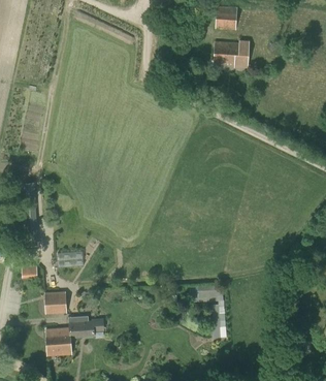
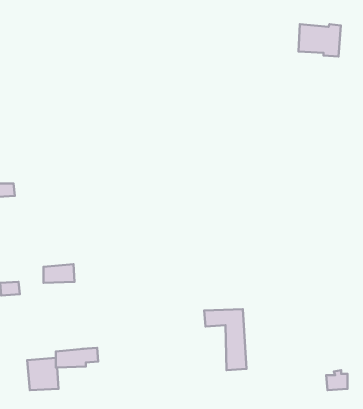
building: [214,40,249,67] -> [299,24,341,57]
building: [44,291,66,314] -> none

